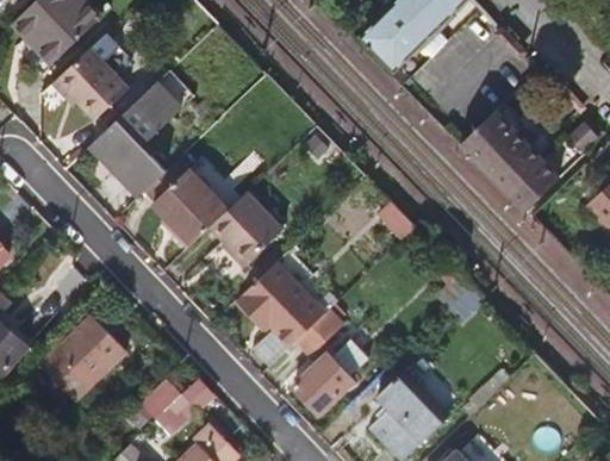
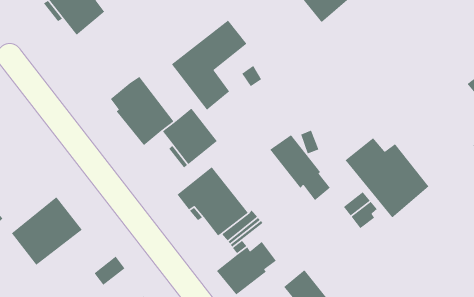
building: [91,82,181,195] -> [171,19,247,111]
building: [466,108,572,205] -> [345,137,430,219]
building: none -> [269,134,331,201]

